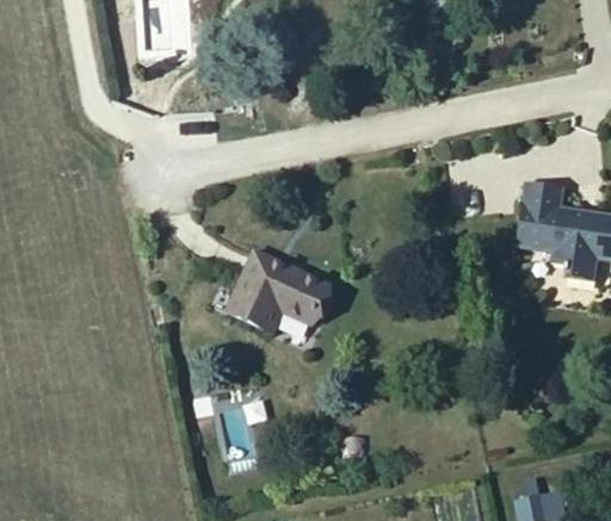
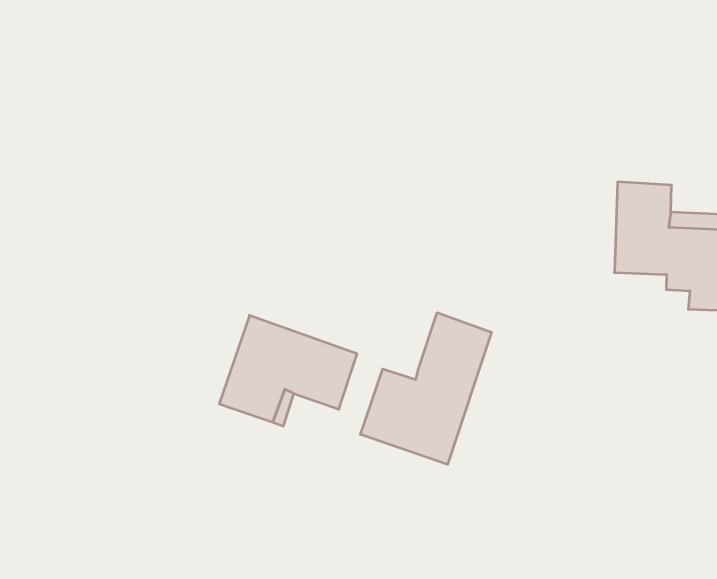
building: none -> [360,313,491,464]

